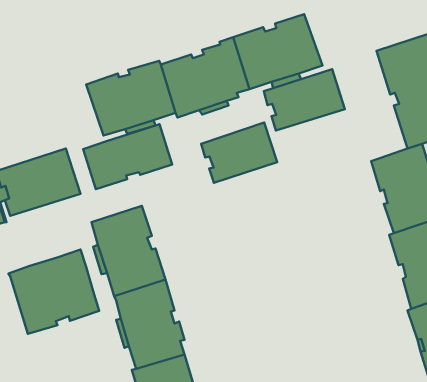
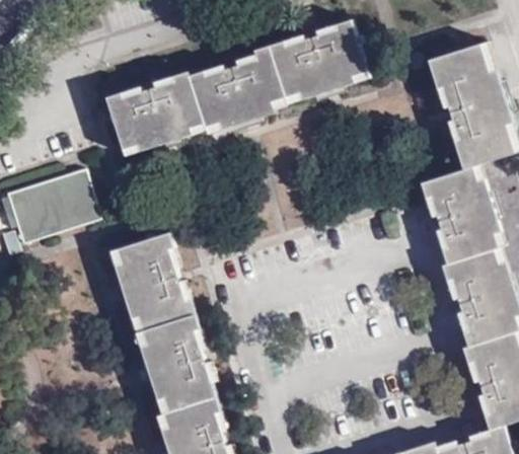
building: [264,69,345,131] -> none
building: [201,123,277,183] -> none
building: [83,124,172,189] -> none
building: [8,250,99,334] -> none

